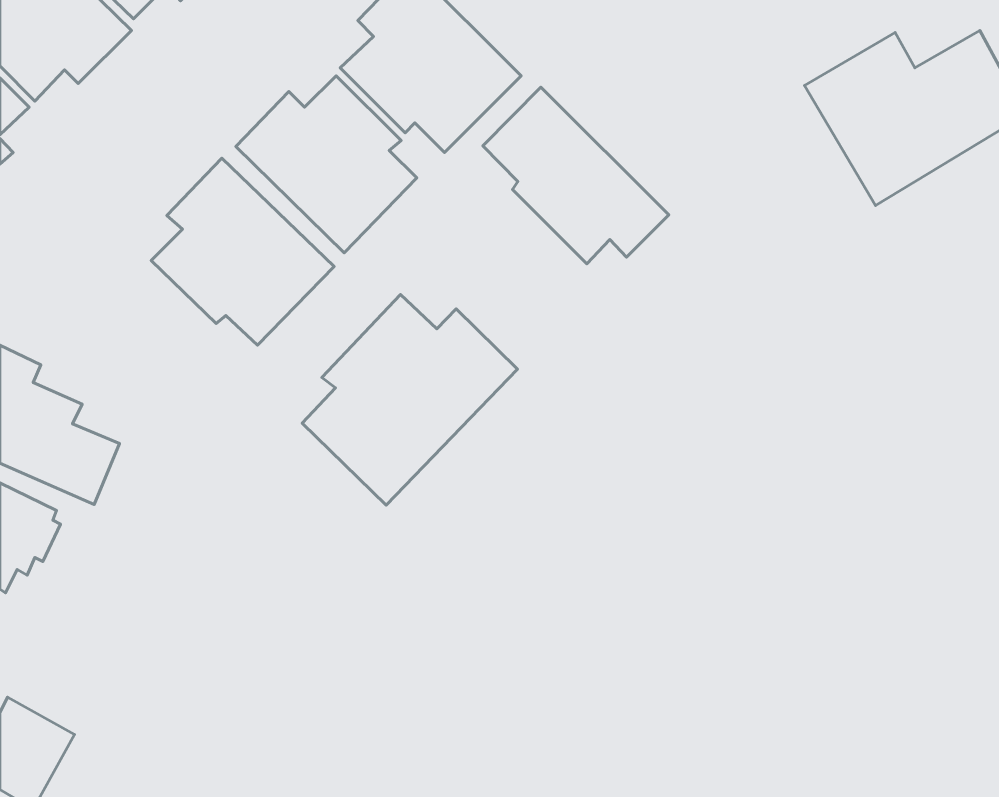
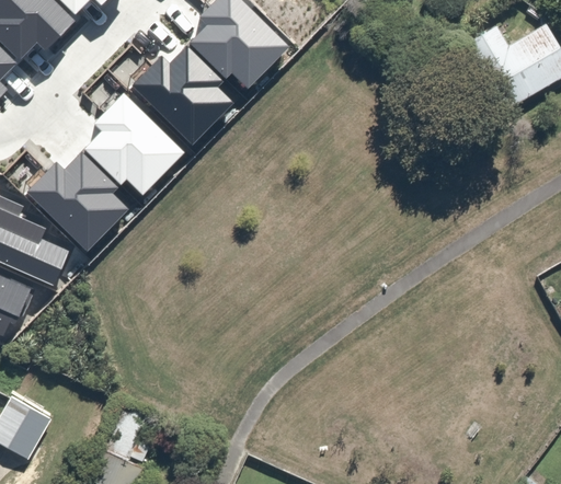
building: [483,87,669,264] -> none
building: none -> [26,153,129,253]
building: [302,294,517,505] -> none

